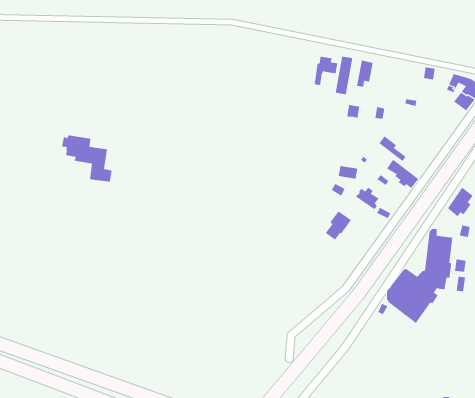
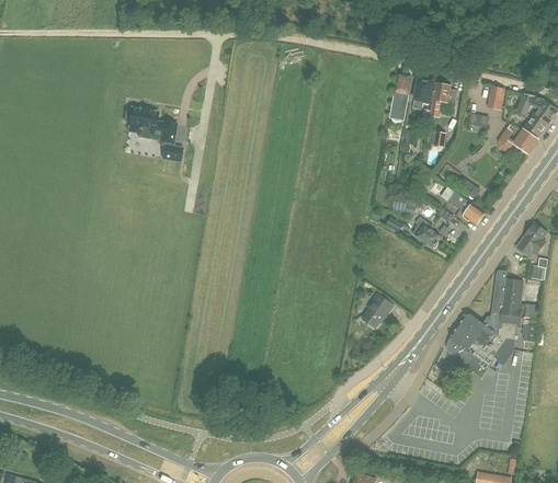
building: [314,56,338,85] -> [430,83,457,116]
building: none -> [498,123,537,153]
building: [61,135,113,182] -> [123,107,181,161]
building: [325,210,352,240] -> [362,294,392,327]

